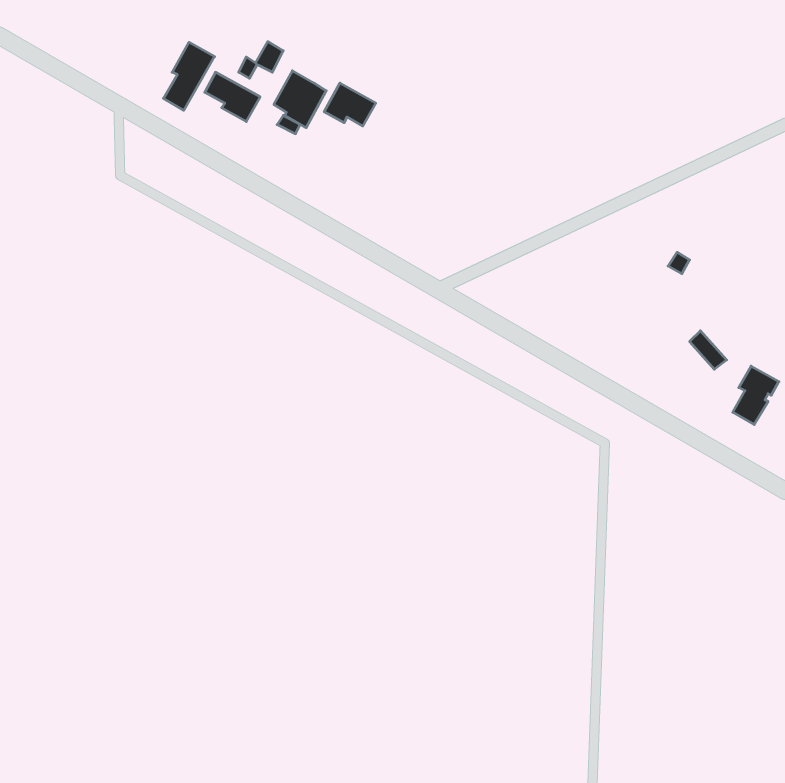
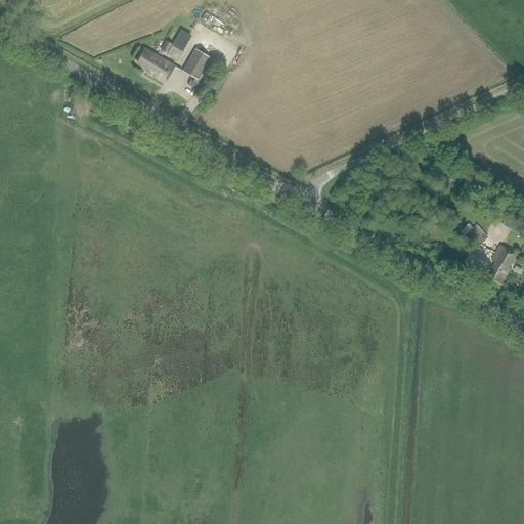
building: [163,42,215,110] -> none
building: [324,83,376,126] -> none

